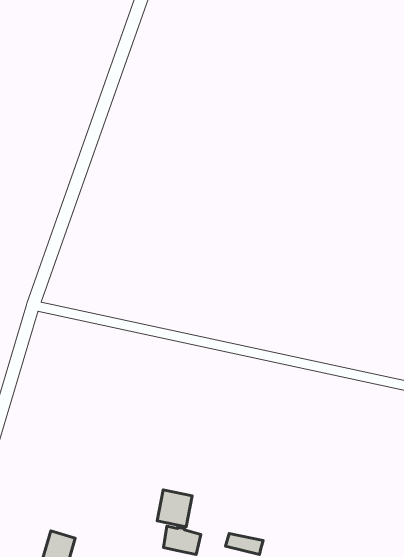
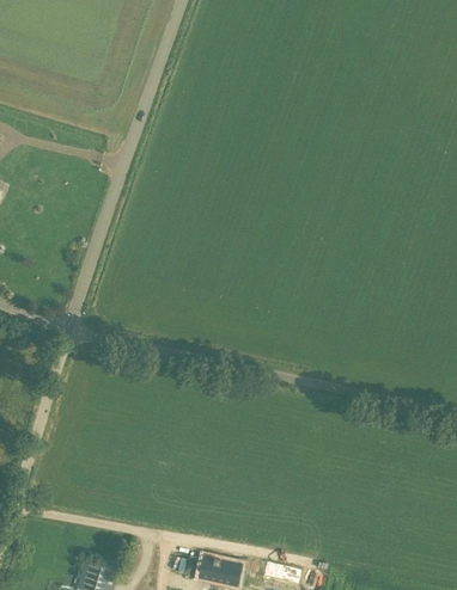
building: [157,490,192,527] -> none

